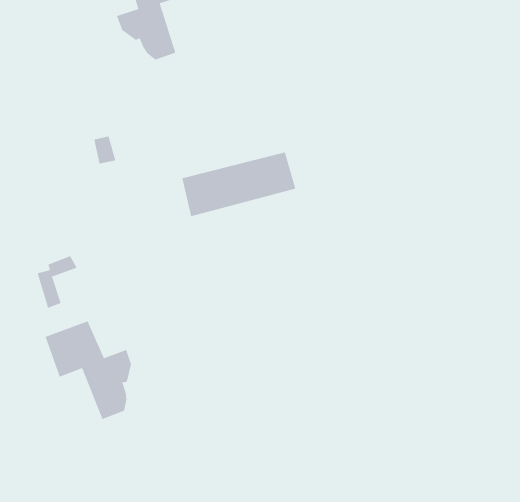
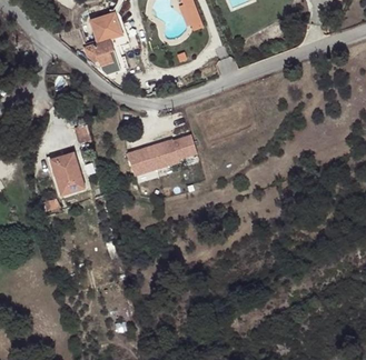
building: none -> [49,153,87,197]
building: [45,320,132,420] -> none

